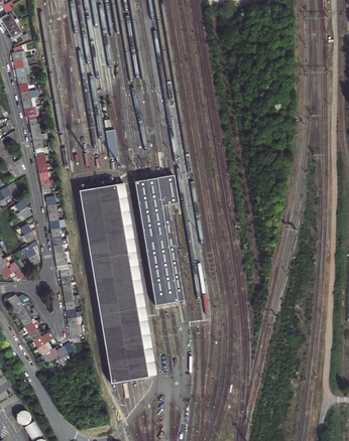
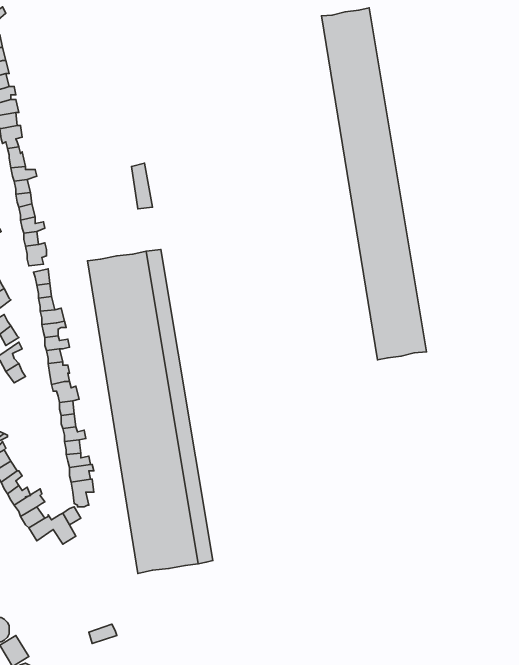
building: none -> [321,8,426,360]
building: [134,175,185,305] -> none

